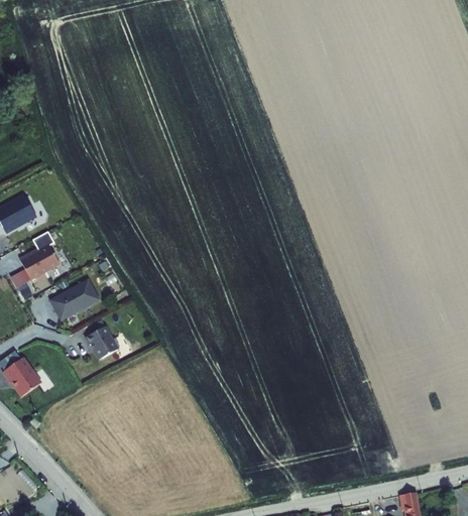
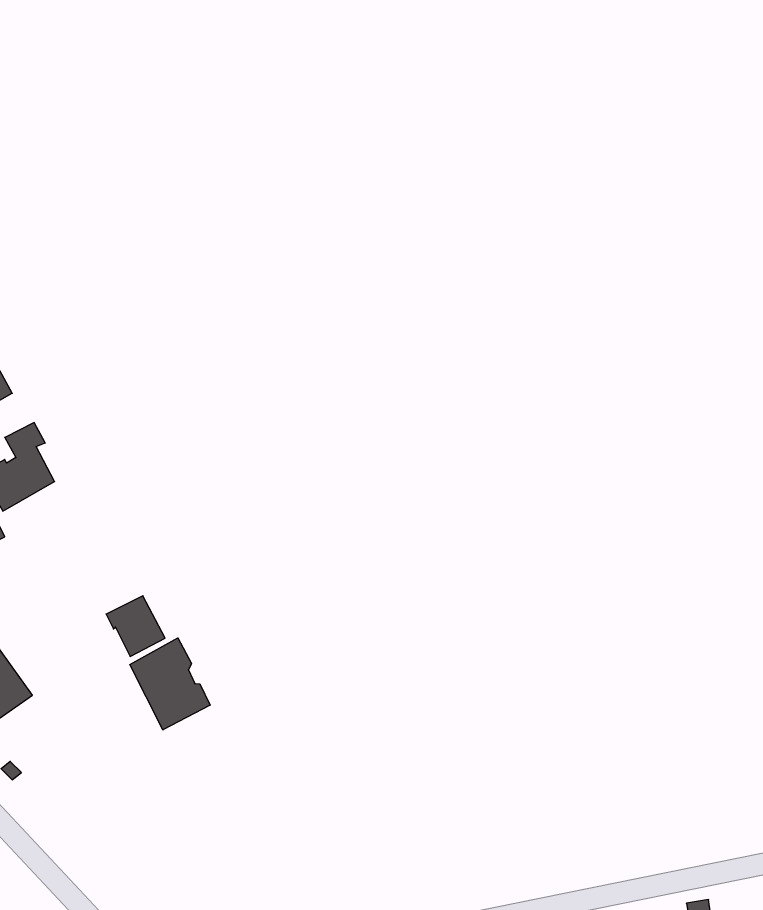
building: [48,280,98,321] -> none
building: none -> [130,638,210,730]

